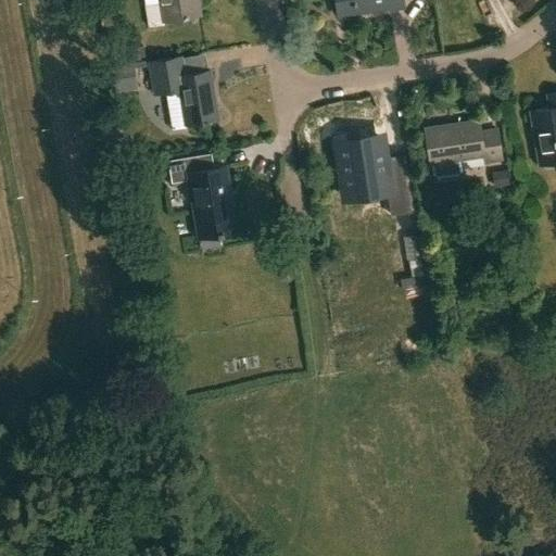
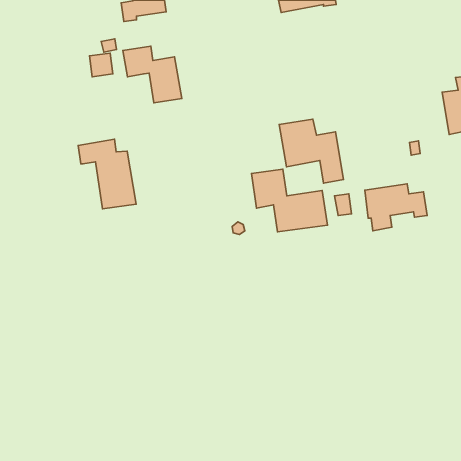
building: [427,119,502,176] -> [365,184,427,231]
building: [168,152,238,236] -> [78,139,136,209]
building: none -> [251,169,327,232]

